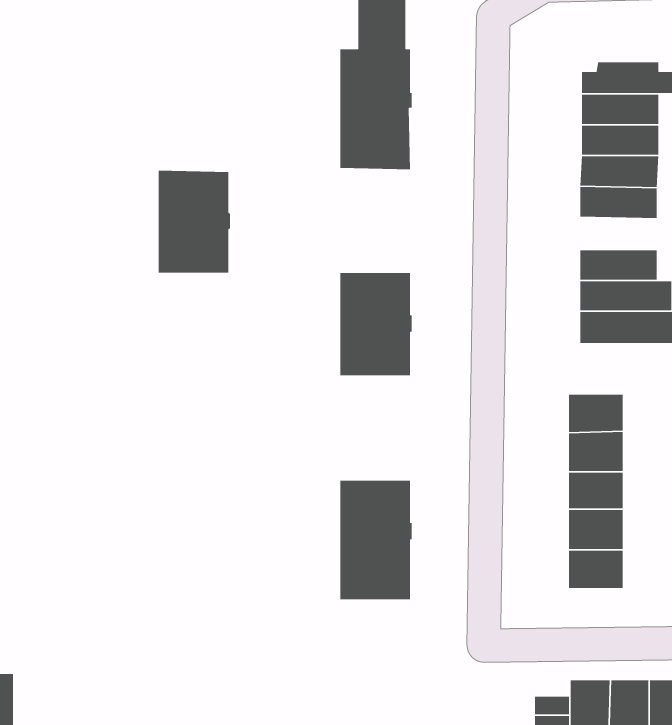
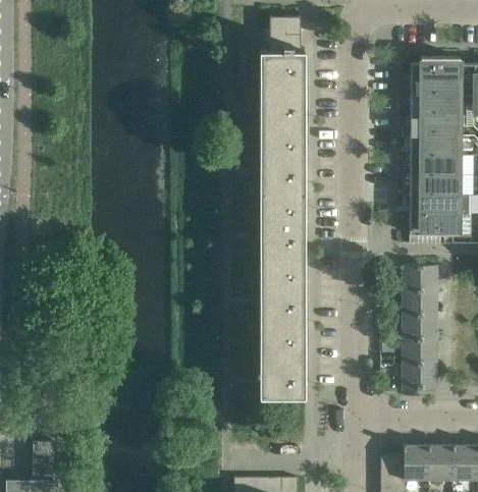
building: [158,170,231,274] -> [260,125,306,190]
building: none -> [411,156,460,176]
building: none -> [260,256,306,321]

